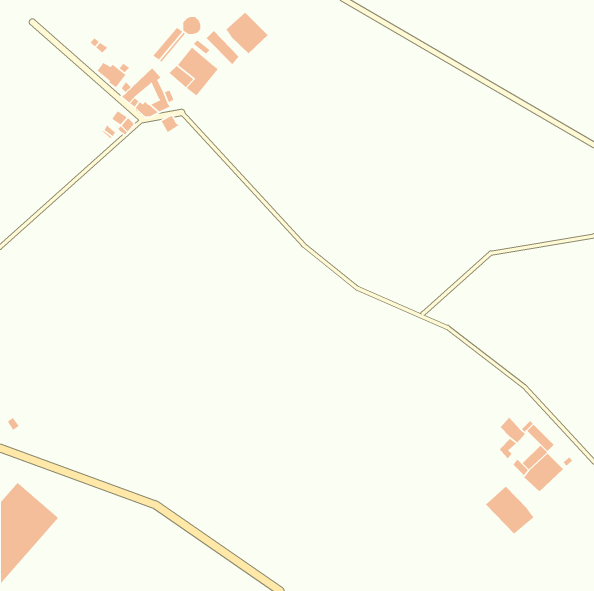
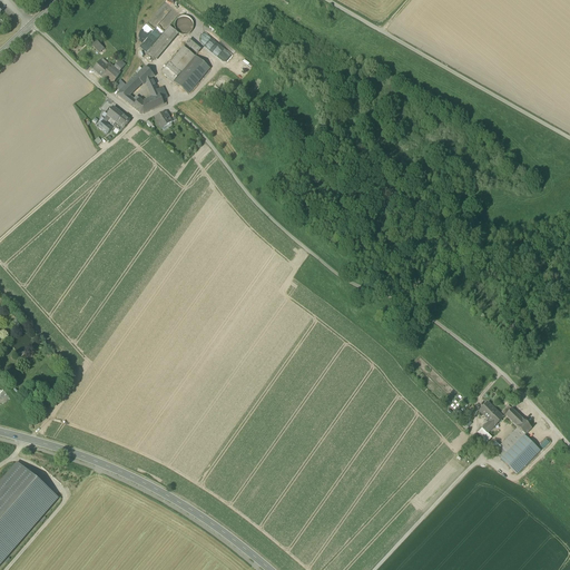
building: [225,12,268,54] -> none
building: [485,486,535,535] -> none

